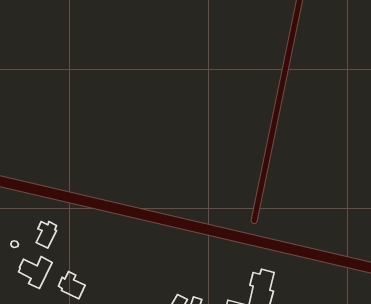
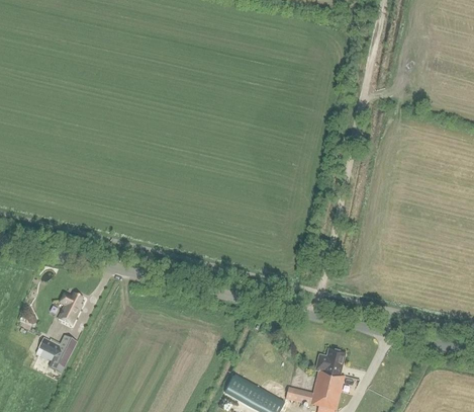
building: [58,271,85,299] -> none

